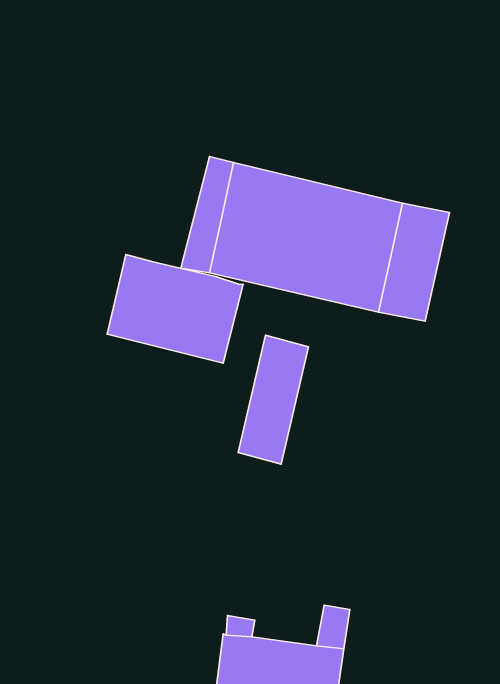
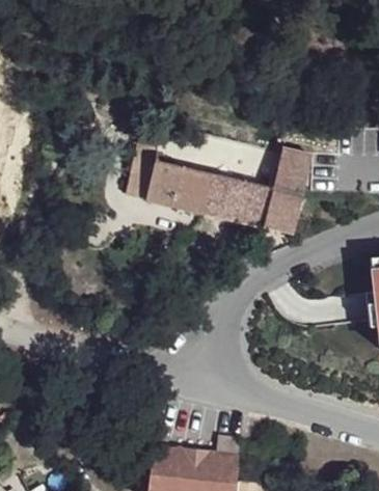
building: [107,254,243,363] -> none
building: [238,335,308,464] -> none

